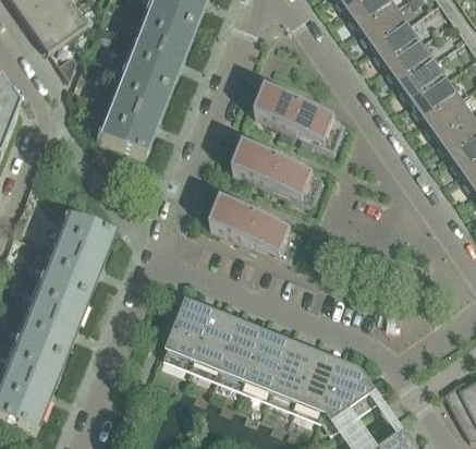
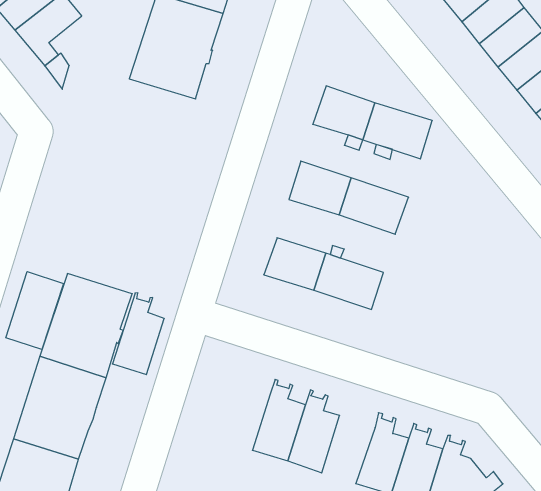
building: [95,74,169,156] -> none
building: none -> [6,272,63,350]
building: [169,299,210,361] -> [112,293,164,375]
building: [245,329,288,391] -> none

